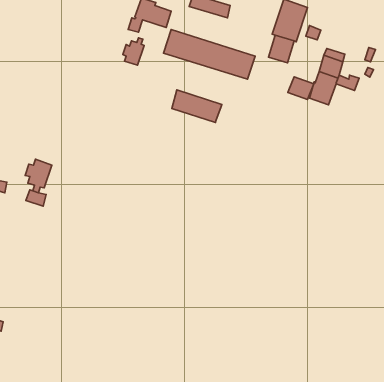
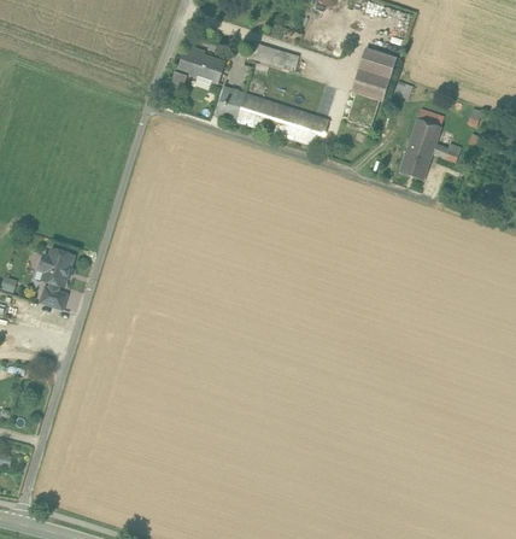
building: [123,38,144,65] -> none
building: [288,77,314,99] -> none
building: [172,90,222,122] -> none

